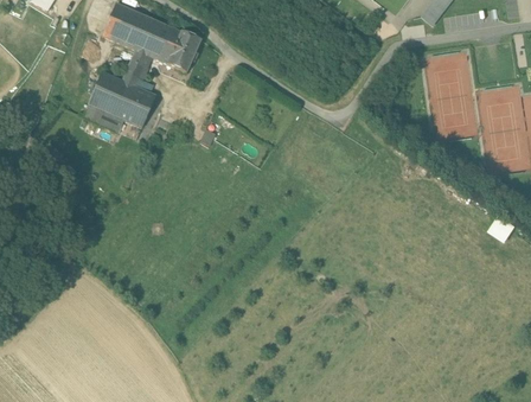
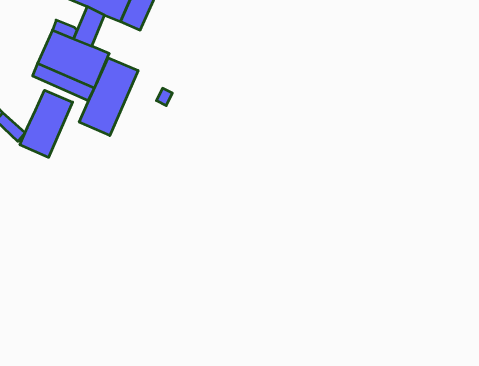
building: none -> [79,58,138,136]
building: none -> [20,90,73,157]

